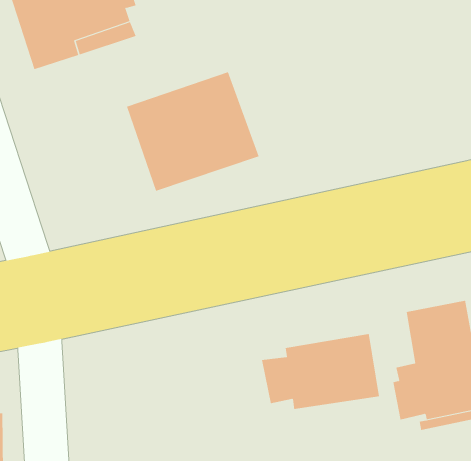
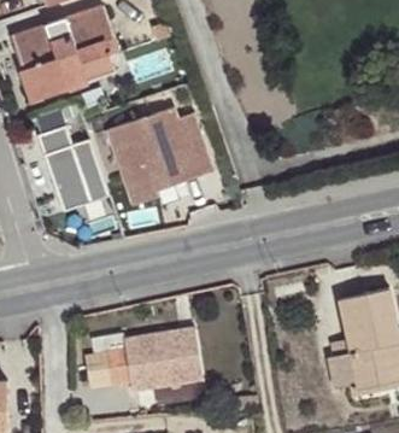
building: none -> [39,121,110,209]
building: [261,333,380,410] -> [104,327,201,390]

